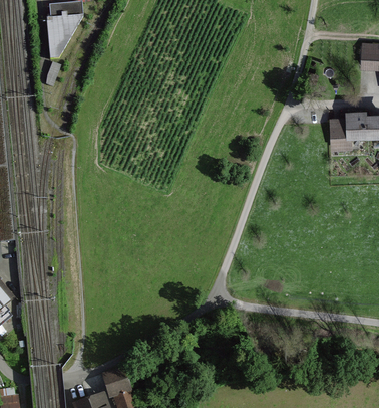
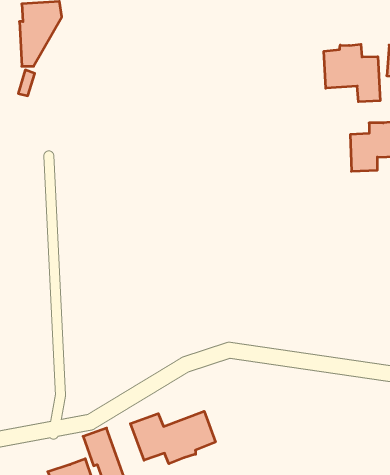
building: none -> [324,44,380,102]
building: none -> [130,411,215,464]

